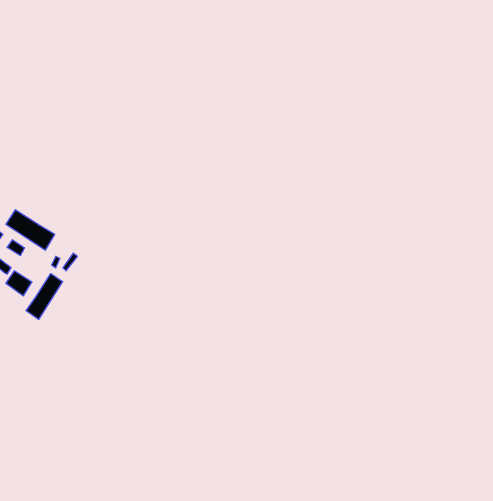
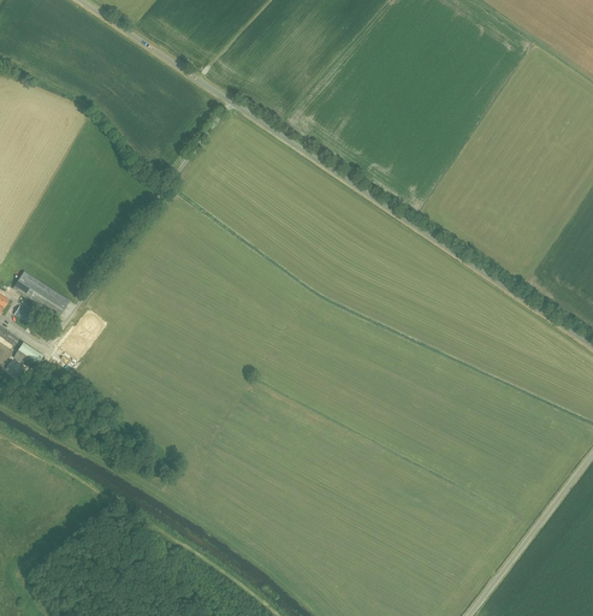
building: [26,274,63,319] -> none

